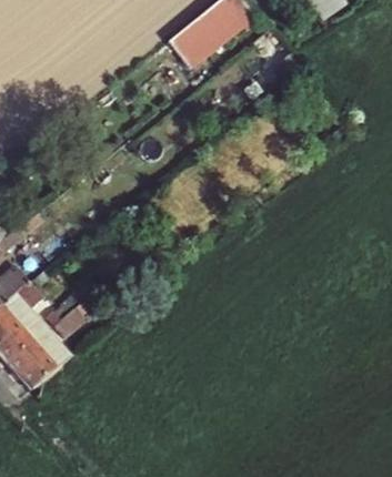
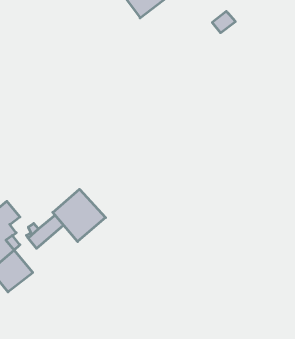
building: none -> [53,189,106,242]

